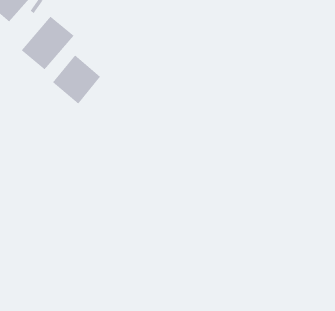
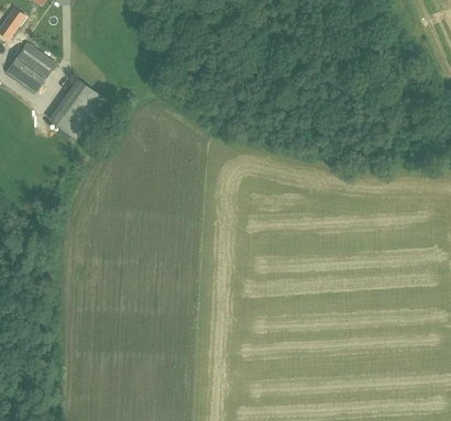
building: [52,55,101,104] -> none

